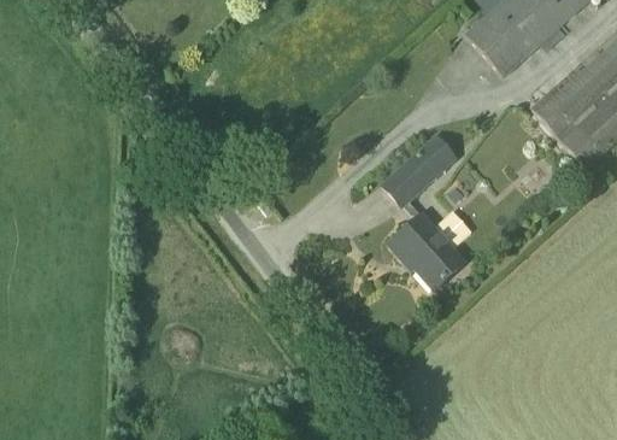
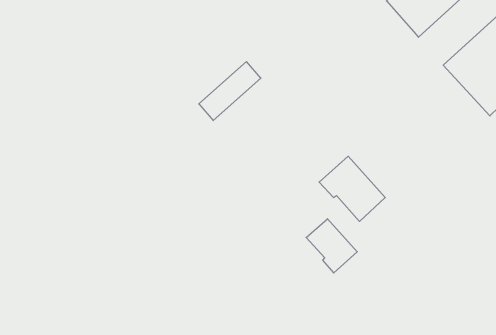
building: [382,135,454,204] -> [199,62,261,121]
building: none -> [306,219,357,273]

